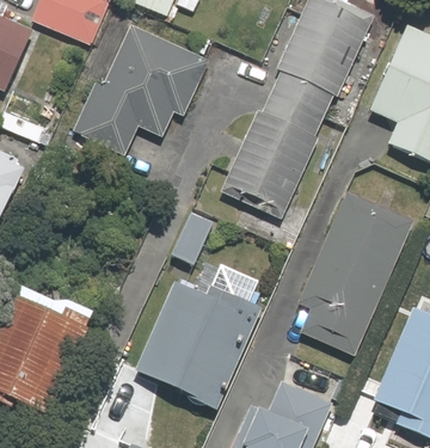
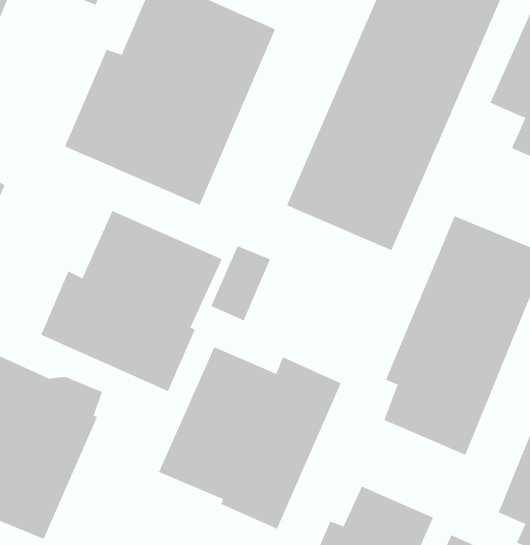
building: none -> [40,210,223,392]

